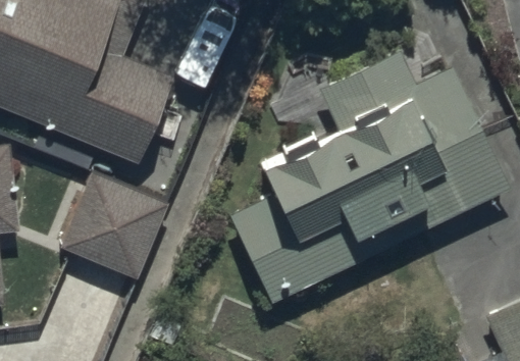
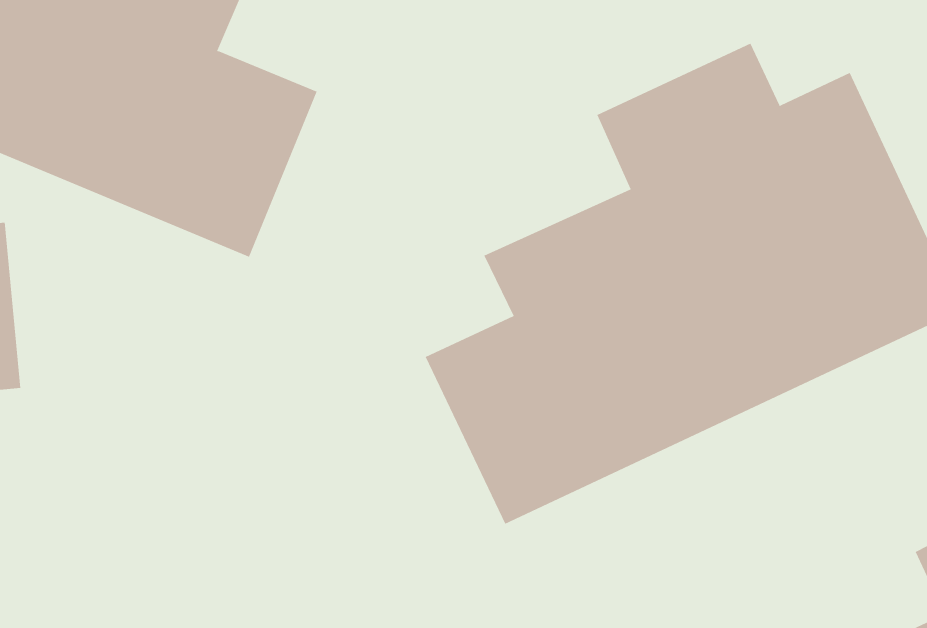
building: [59,171,168,279] -> none

